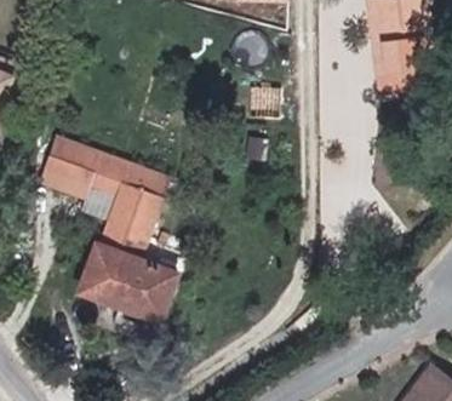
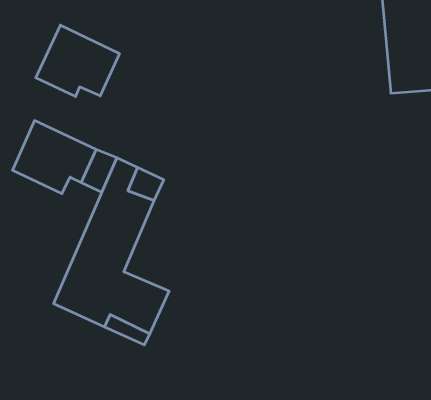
building: none -> [36,25,119,97]

